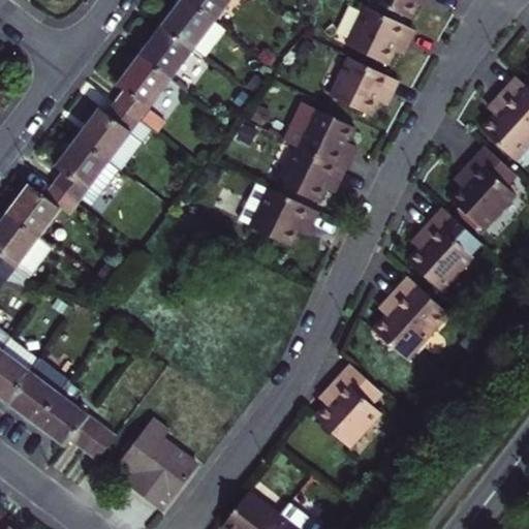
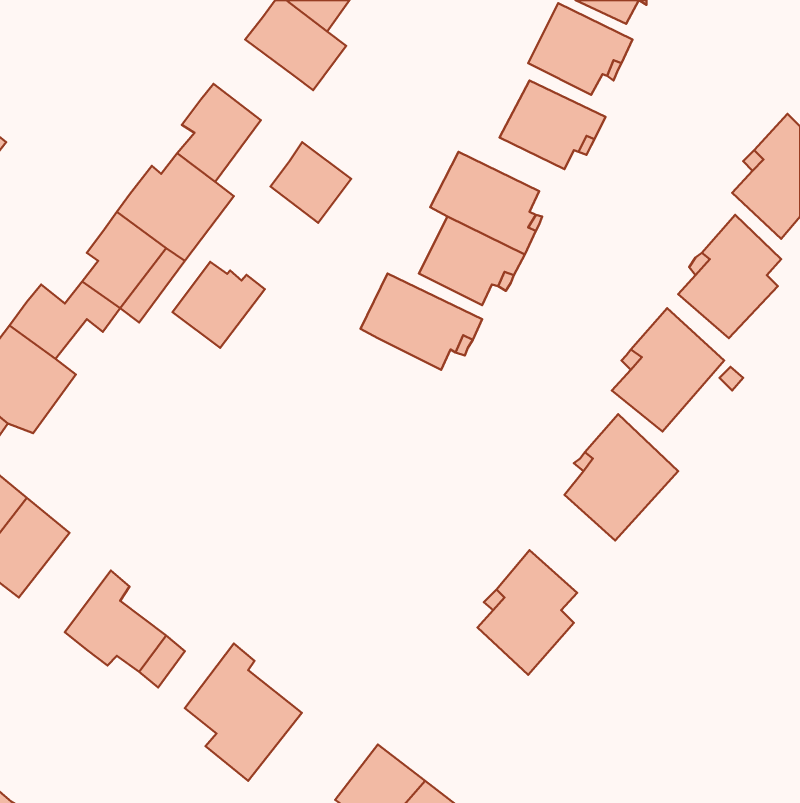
building: [139,29,192,82] -> [271,142,351,223]
building: none -> [172,262,265,348]
building: [12,351,74,416] -> none

